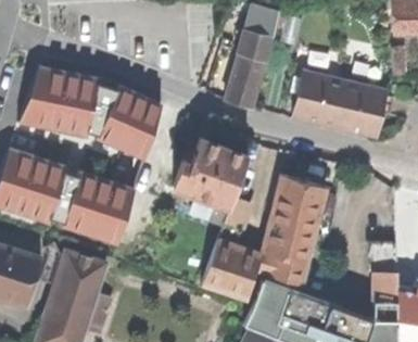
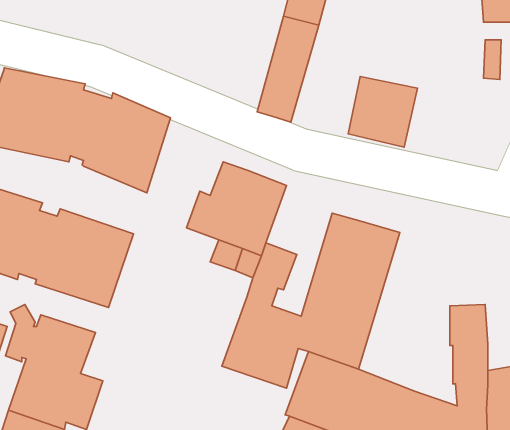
building: [334,83,385,136] -> none

